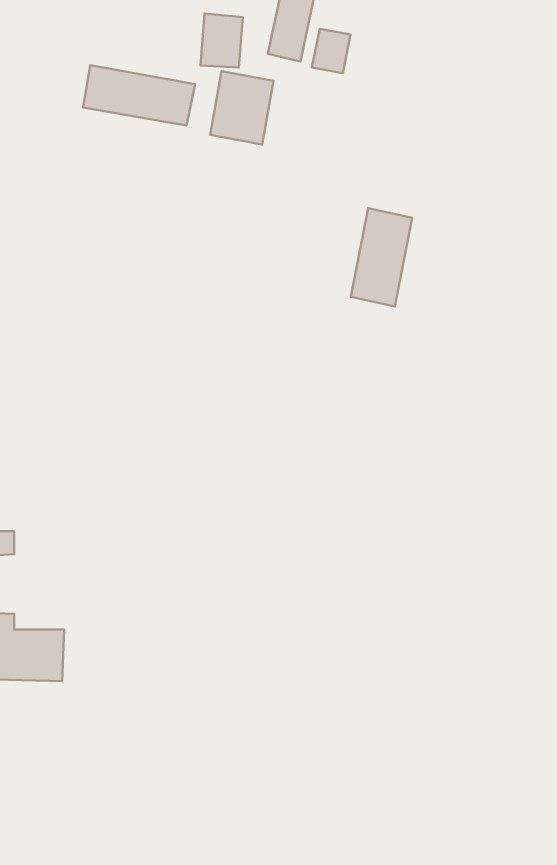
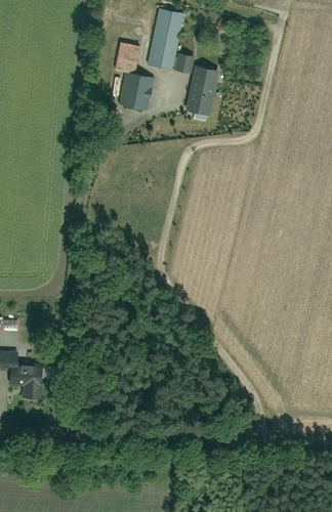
building: [83,65,195,126] -> none
building: [351,208,412,306] -> [186,65,219,117]

